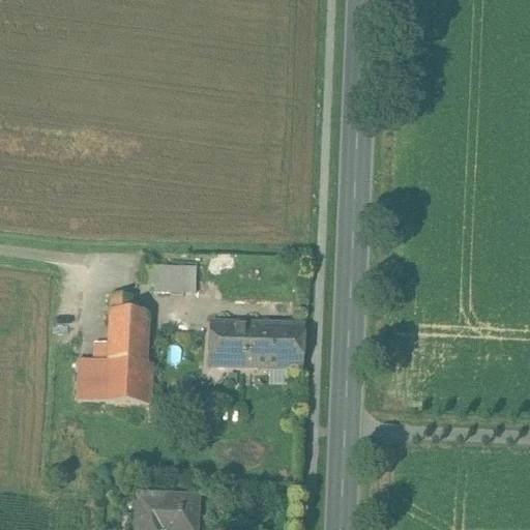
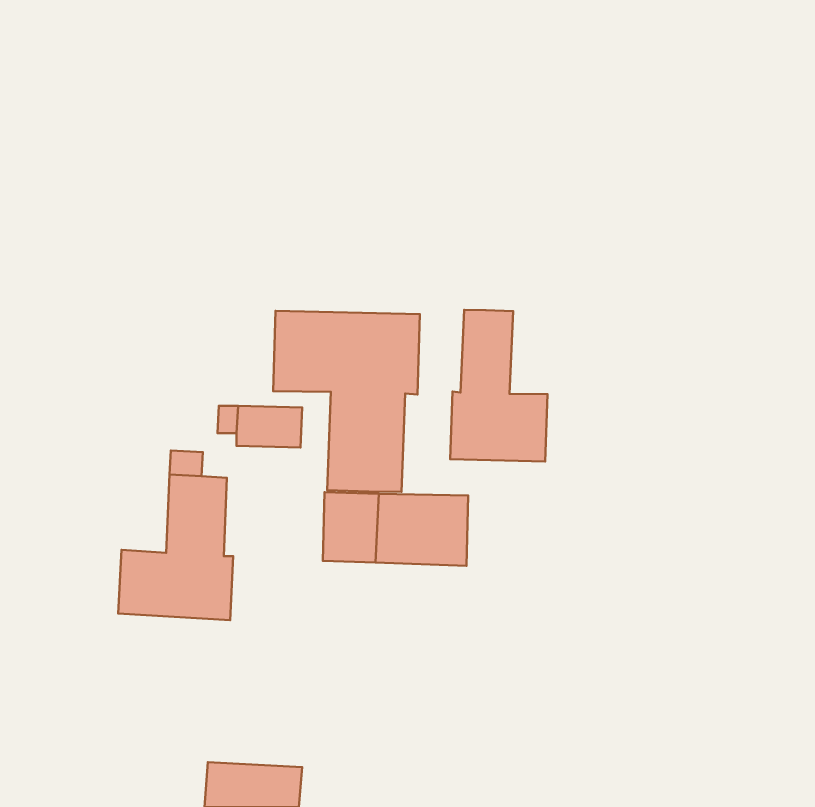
building: none -> [450,310,548,462]
building: none -> [273,311,420,492]

